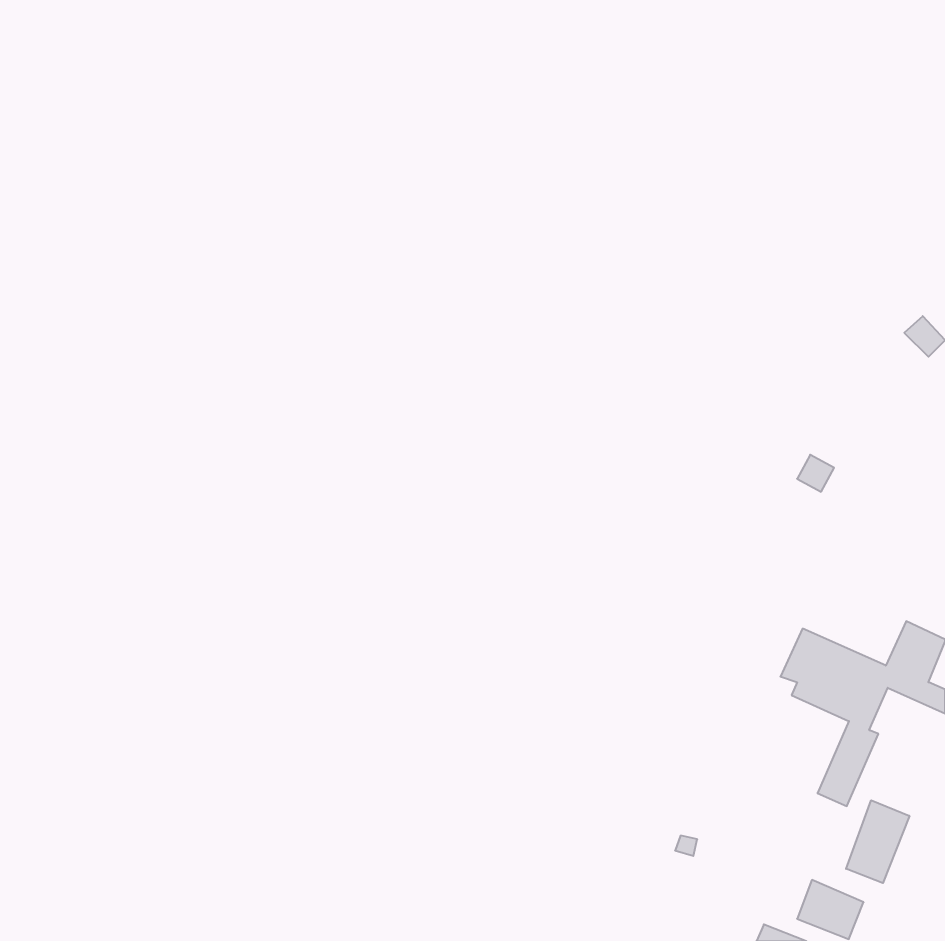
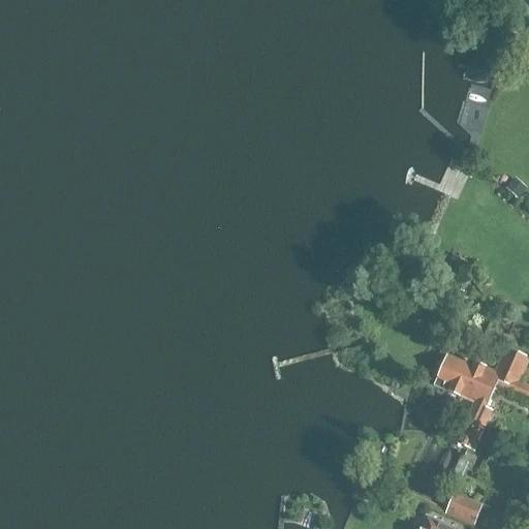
building: [846,800,909,883] -> none

